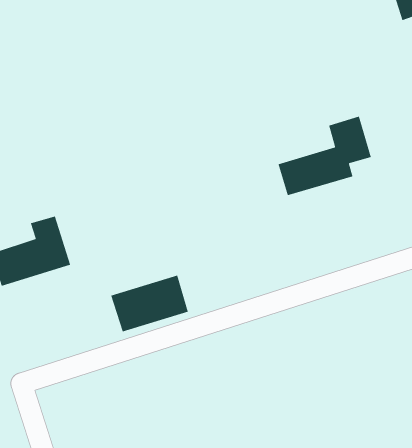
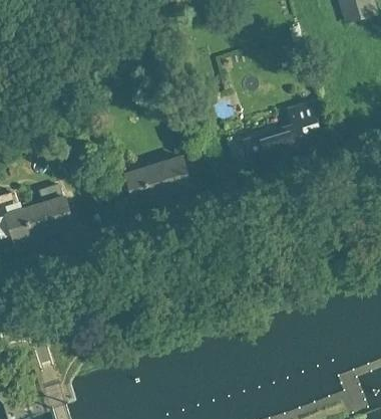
building: [110,275,189,333] -> [123,155,188,203]

